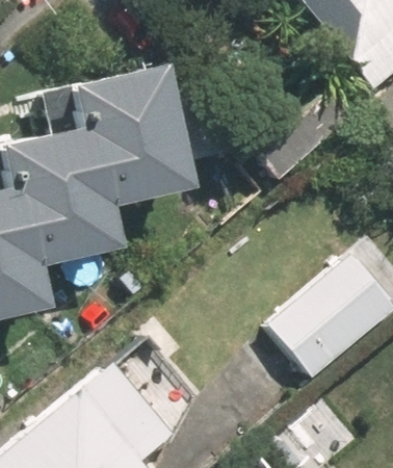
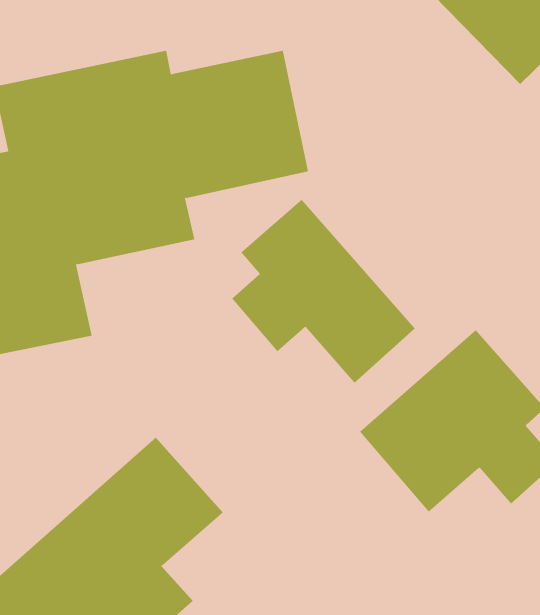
building: none -> [231,199,416,383]

